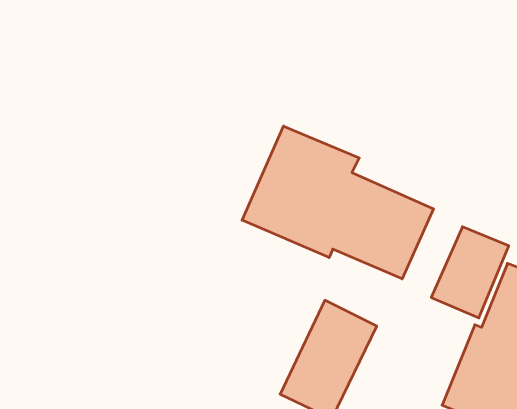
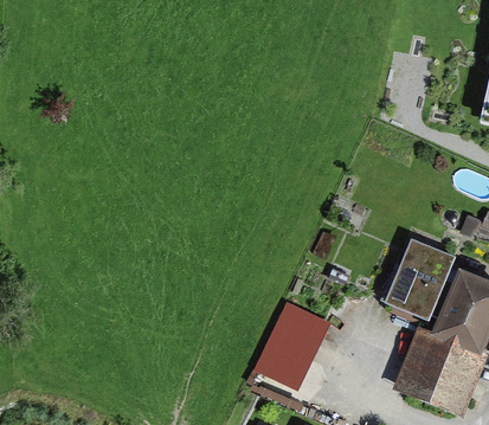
building: [242,126,434,279] -> none

